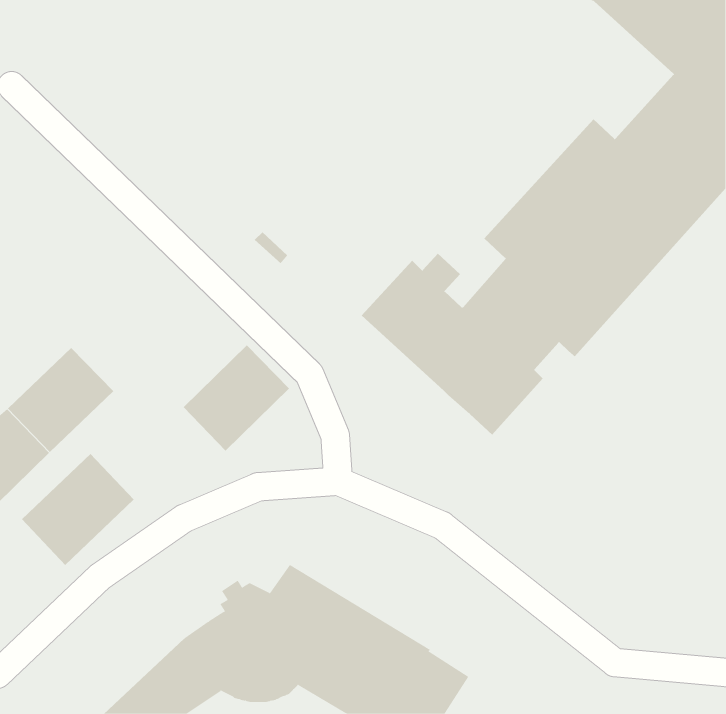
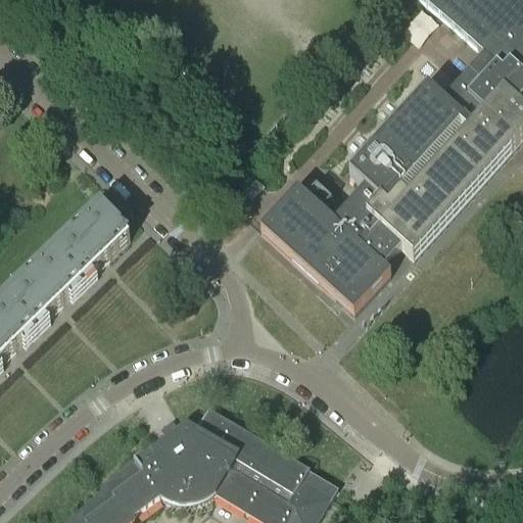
building: [183,344,290,451] -> [51,203,128,280]
building: [21,453,135,566] -> none

